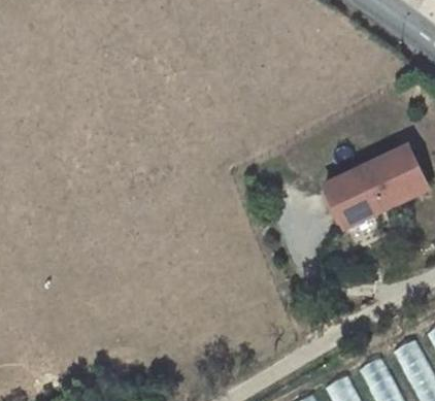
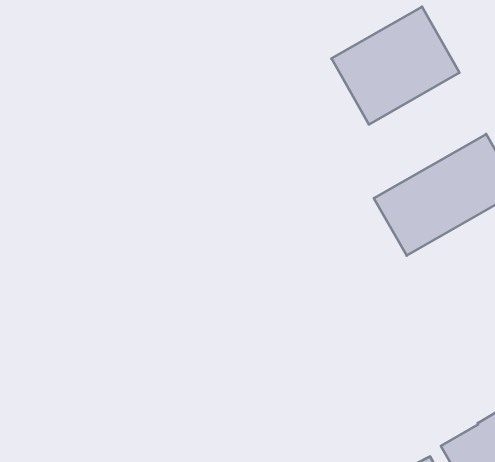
building: none -> [331,7,459,124]

